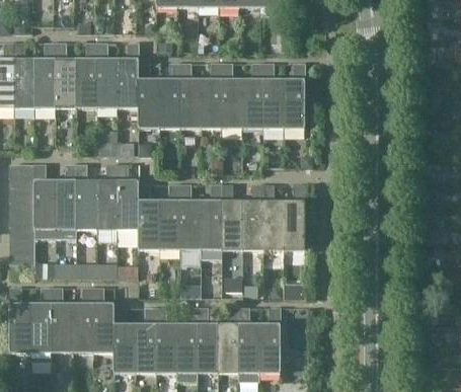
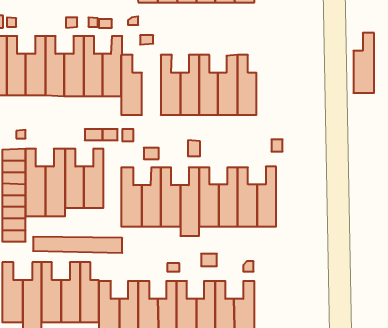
building: [160,63,180,128] -> none
building: [284,63,306,128] -> [353,33,374,93]
building: [119,164,138,228] -> none

